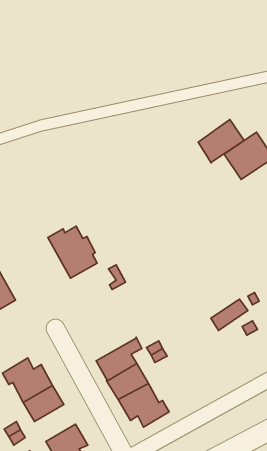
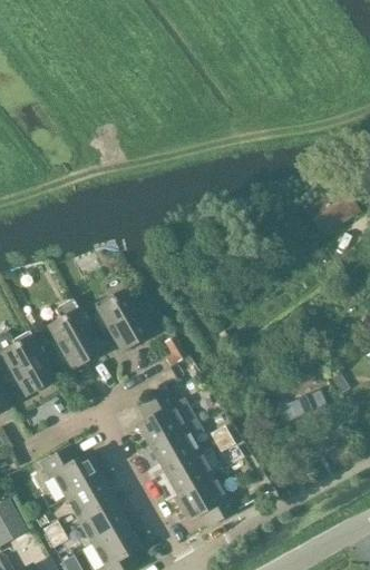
building: [198,119,244,163] -> none
building: none -> [48,305,104,370]
building: none -> [137,391,198,450]
building: none -> [79,501,127,544]

